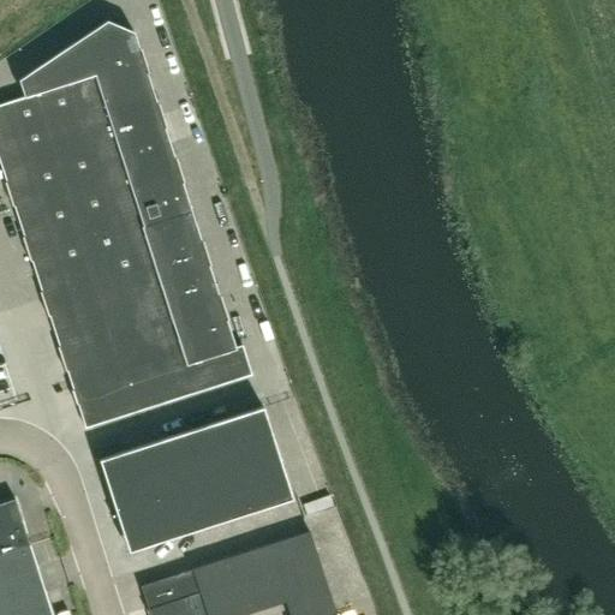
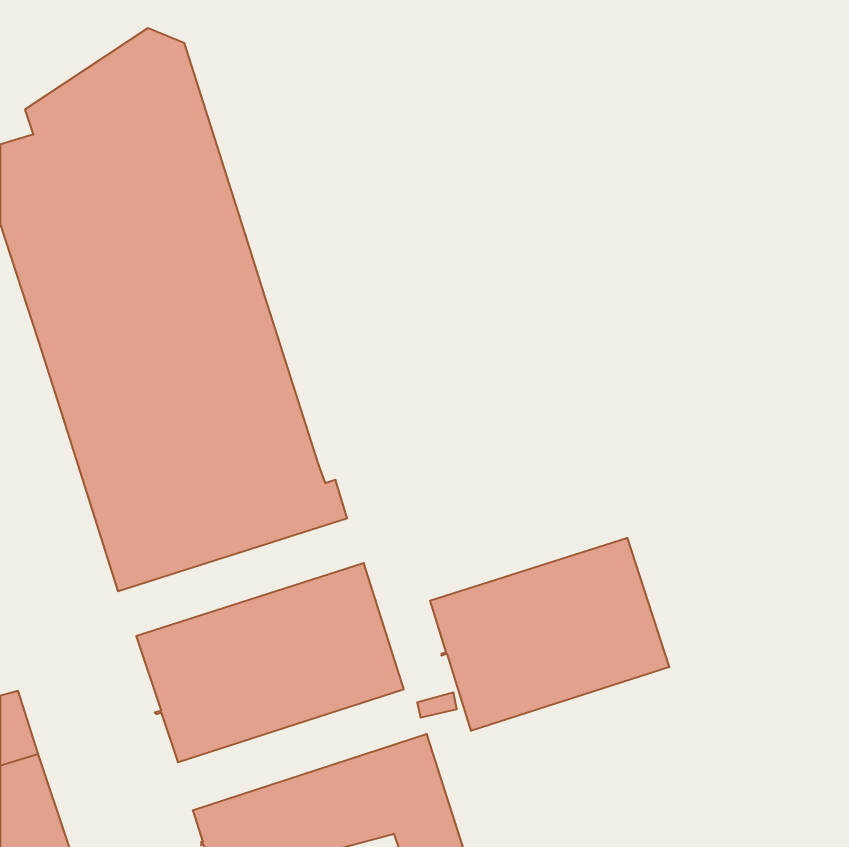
building: none -> [430,538,669,731]

